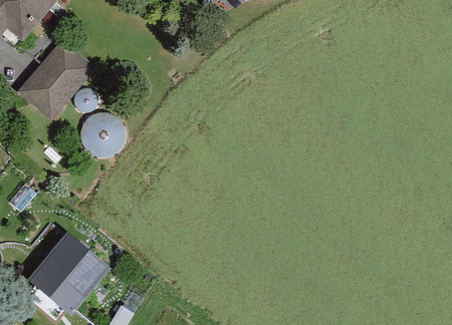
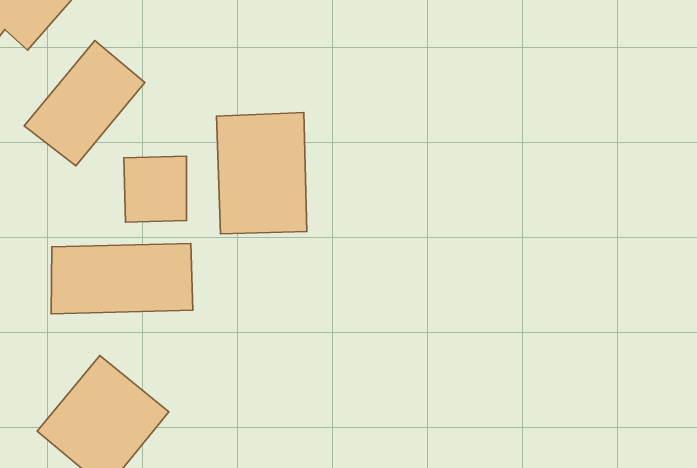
building: none -> [217,112,307,234]
building: none -> [51,244,193,314]

